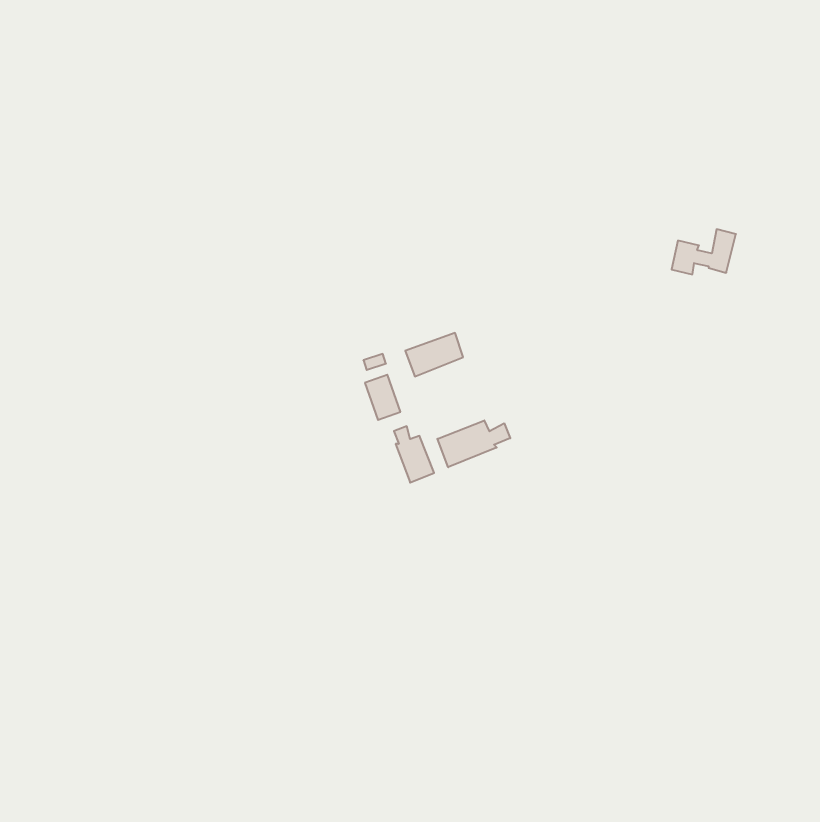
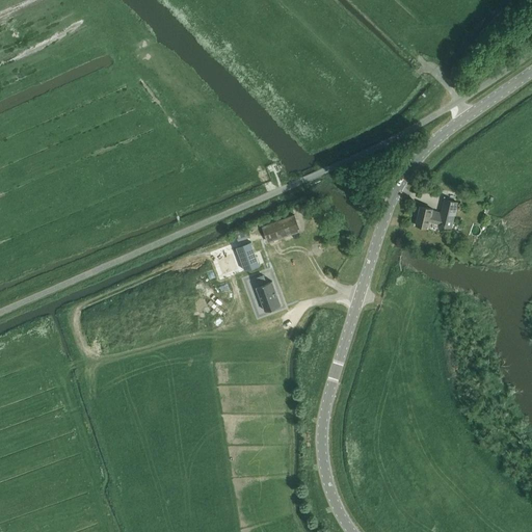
building: [672,229,736,274] -> [415,200,456,229]
building: [437,420,510,467] -> none

